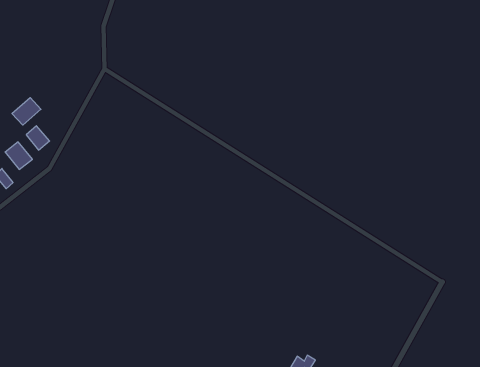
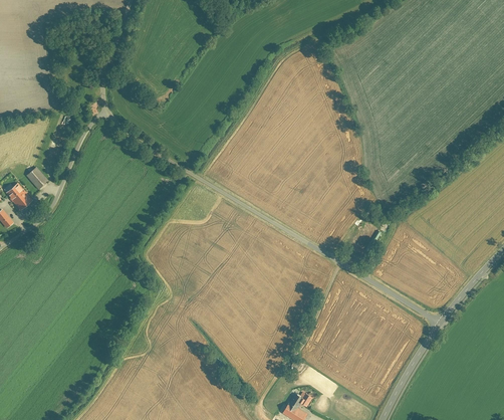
building: [12,98,41,125] -> none

